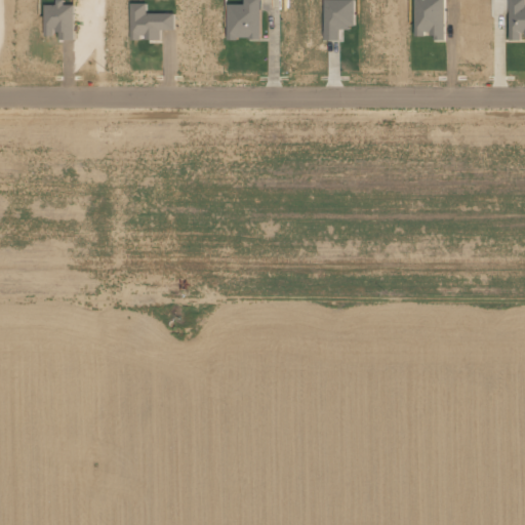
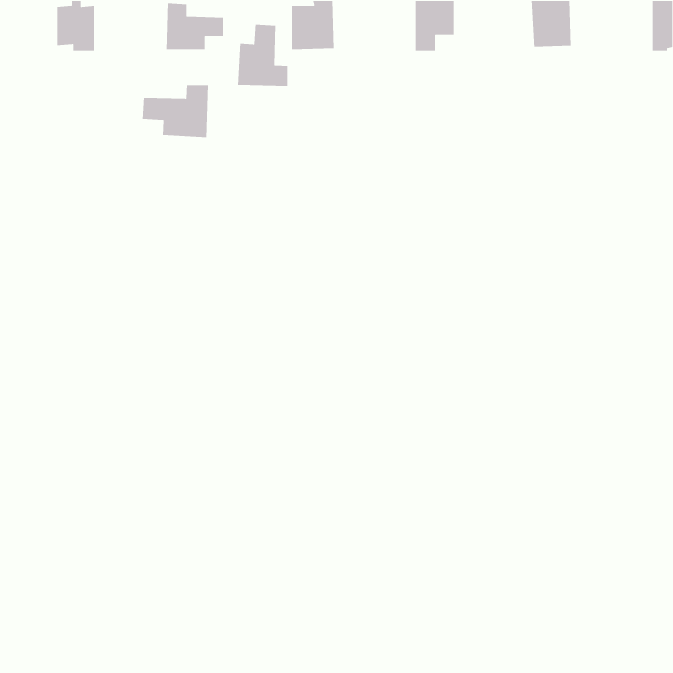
building: none -> [237,24,288,87]
building: none -> [142,84,209,138]

